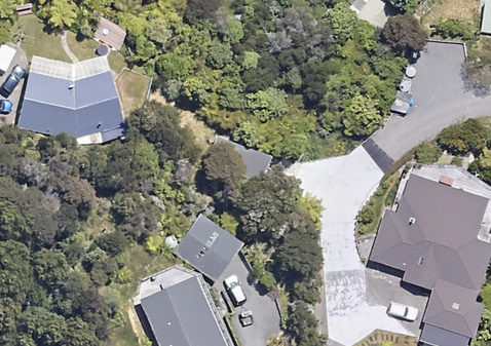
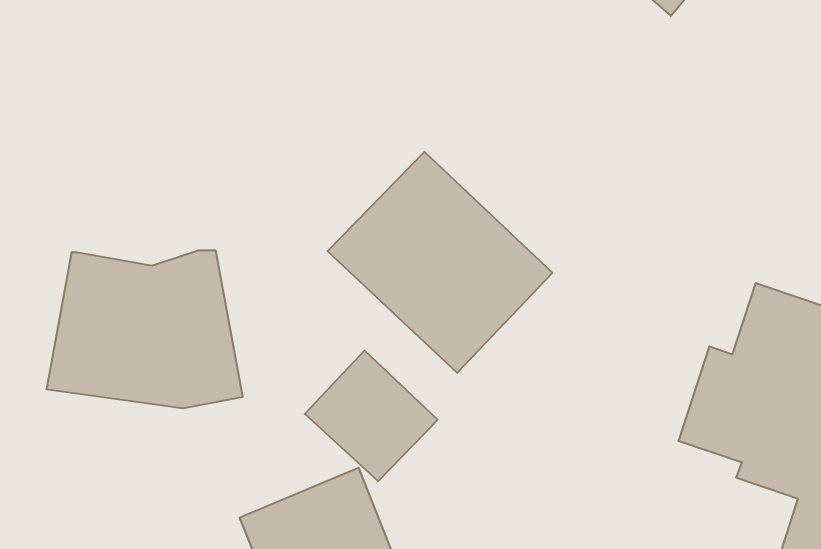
building: [16,53,121,138] -> [46,251,243,408]
building: none -> [327,152,552,373]

